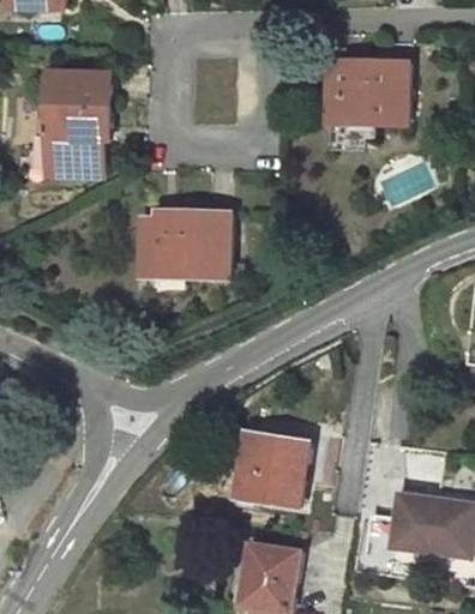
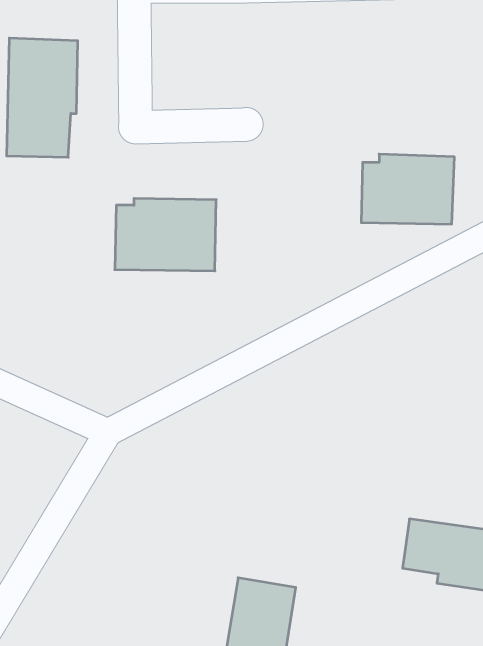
building: [326,60,408,121] -> [361,154,454,224]
building: [239,433,308,506] -> none

